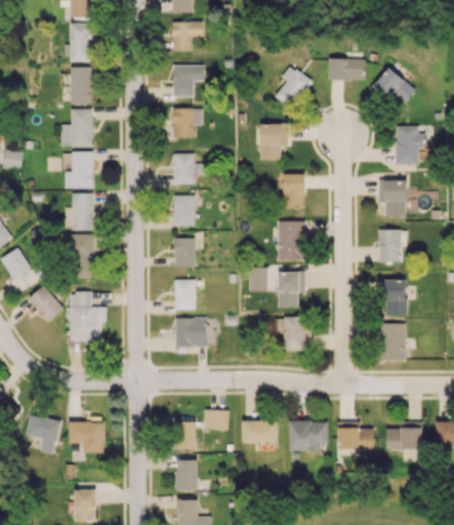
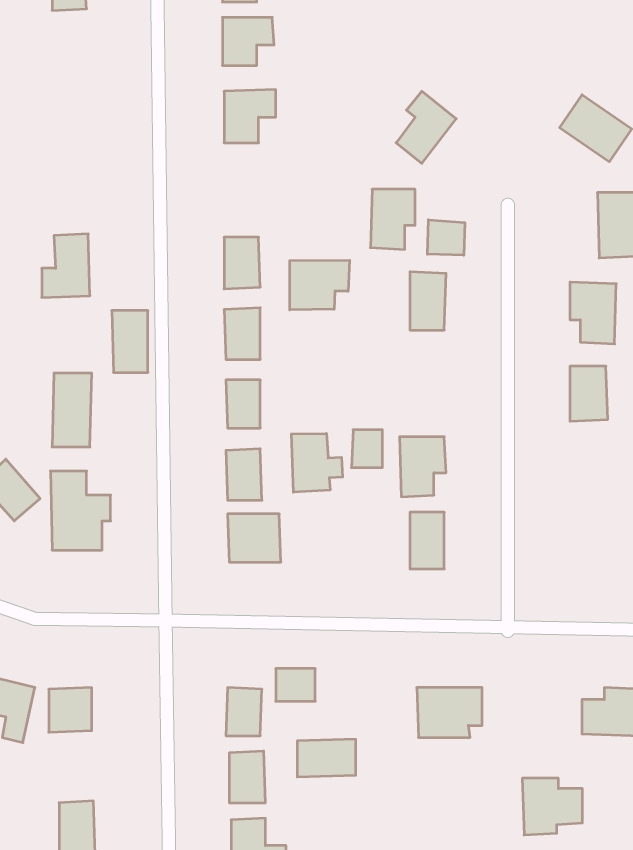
building: [70,23,92,62] -> none
building: [328,58,365,81] -> none
building: [72,67,92,104] -> none
building: [173,108,202,137] -> none
building: [60,109,92,147] -> none
building: none -> [427,220,465,255]
building: none -> [290,260,350,310]
building: [72,193,93,230] -> [112,311,148,372]
building: [278,220,304,259] -> none
building: none -> [291,433,343,492]
building: [385,280,407,316] -> none
building: [379,323,406,361] -> none
building: [242,420,277,443] -> [297,739,356,777]
building: [338,422,374,456] -> [522,778,582,835]

